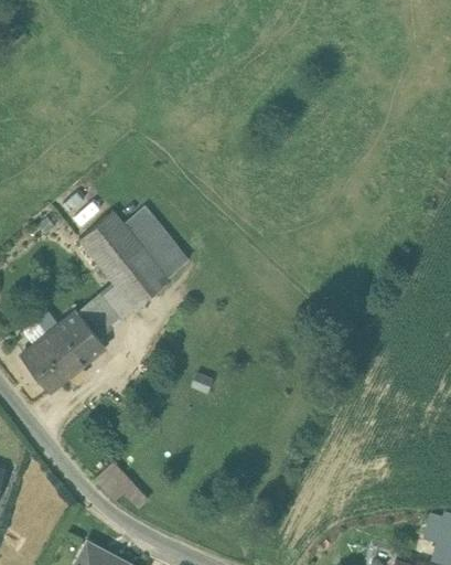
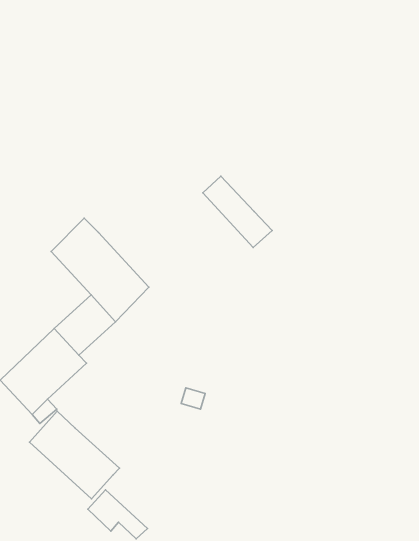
building: [125,211,186,279] -> [203,176,272,247]
building: none -> [29,411,119,499]

